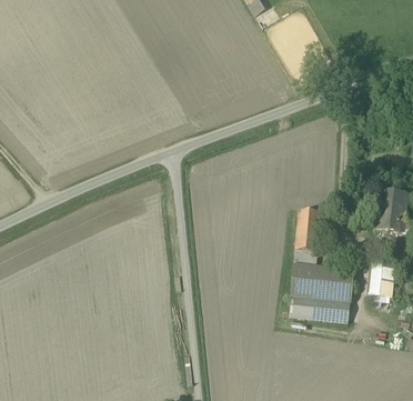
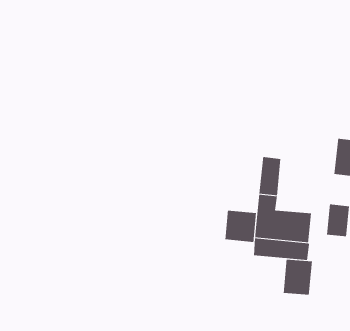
building: none -> [225,210,256,243]
building: none -> [283,259,313,296]

